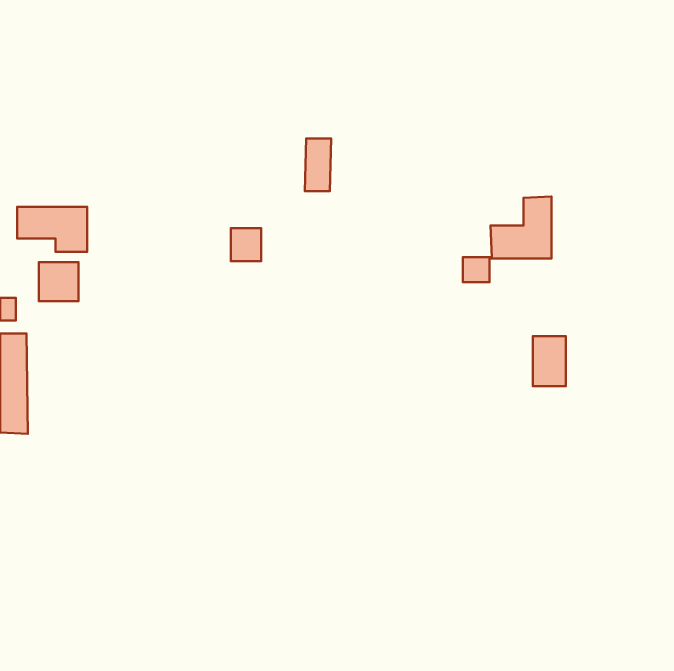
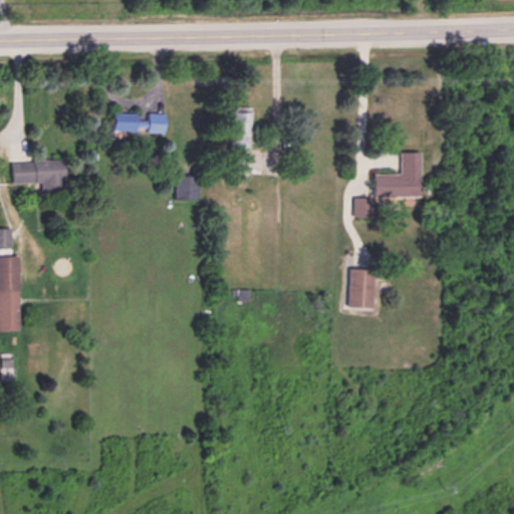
building: none -> [112,113,166,133]
building: [39,262,78,301] -> none
building: [533,336,566,386] -> [349,269,374,307]

